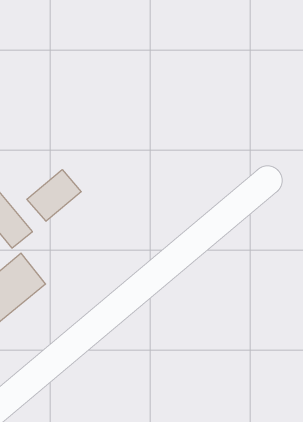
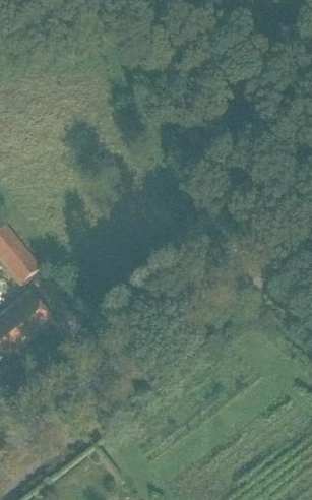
building: [27,170,81,221] -> none

